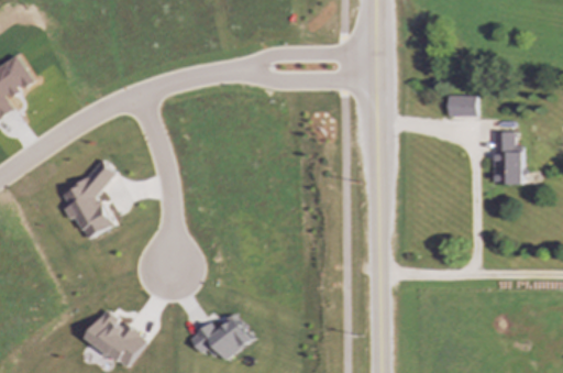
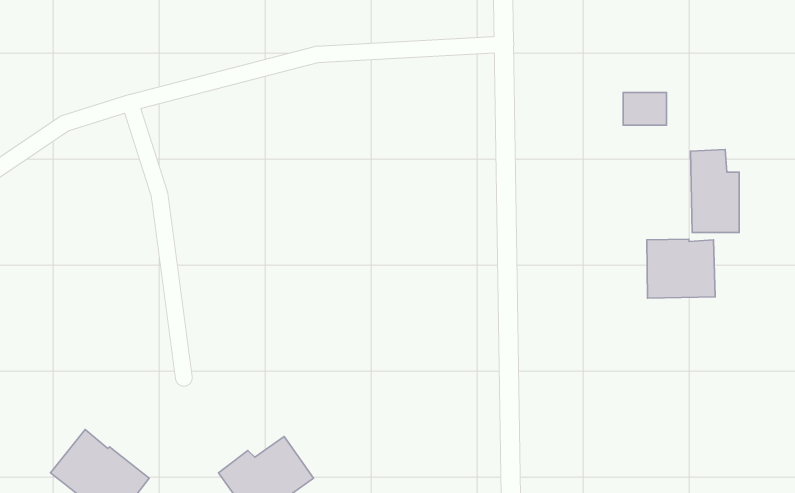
building: [63,160,115,238] -> none
building: none -> [647,239,715,298]

